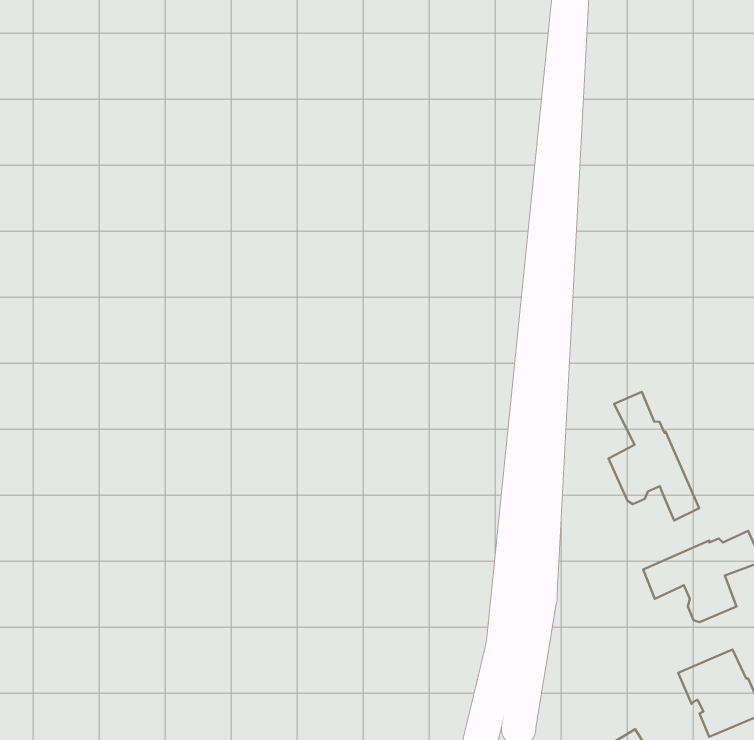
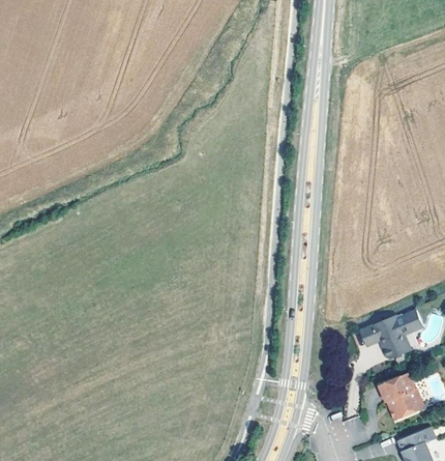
building: [608,392,699,521] -> none

